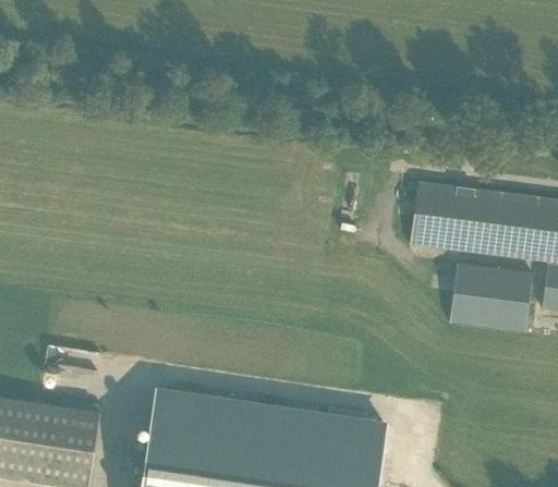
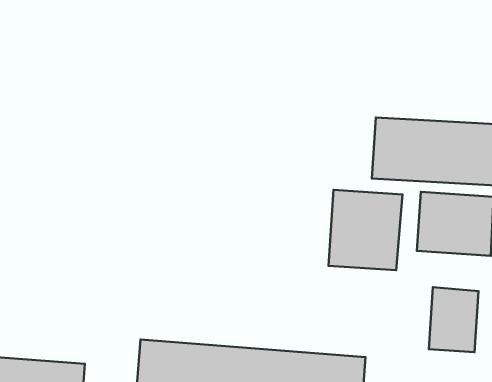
building: none -> [328,190,402,270]
building: none -> [429,287,479,352]

